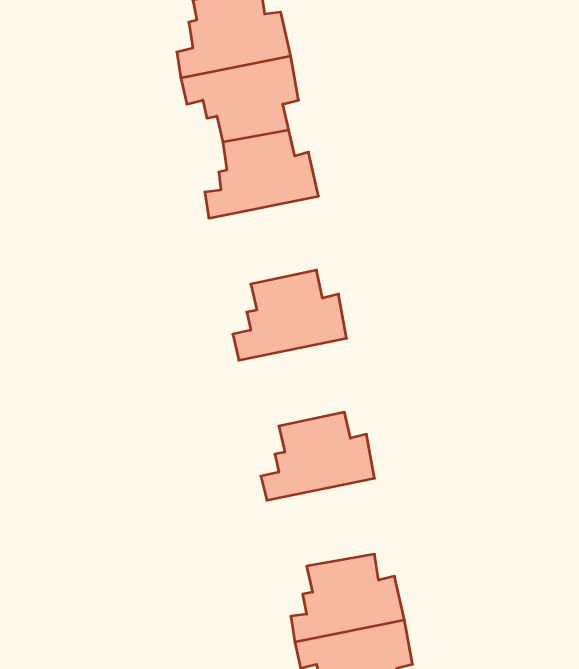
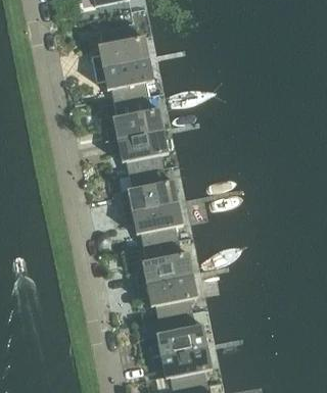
building: none -> [109,131,170,176]
building: none -> [125,203,185,248]
building: none -> [139,275,199,320]

